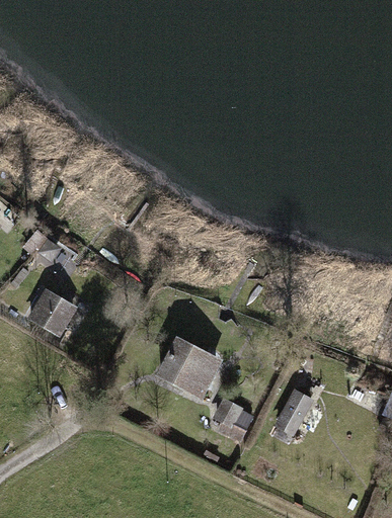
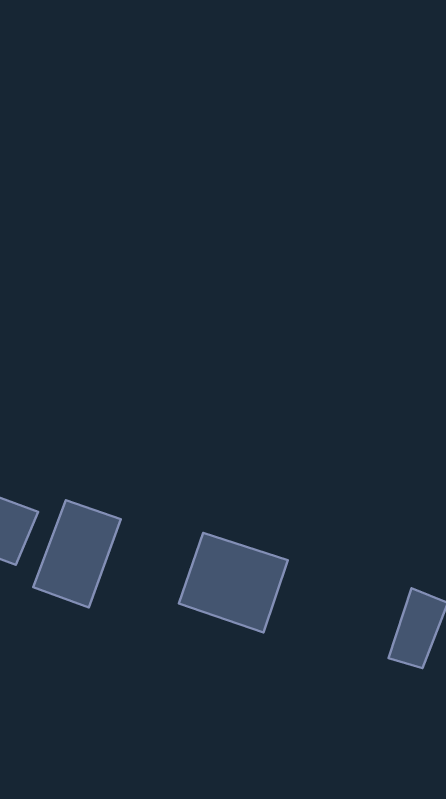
building: none -> [33,500,121,608]
building: [213,399,255,443] -> none

